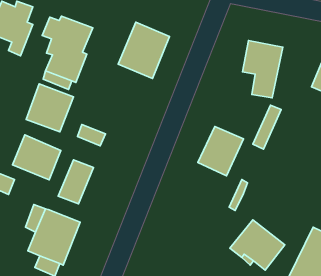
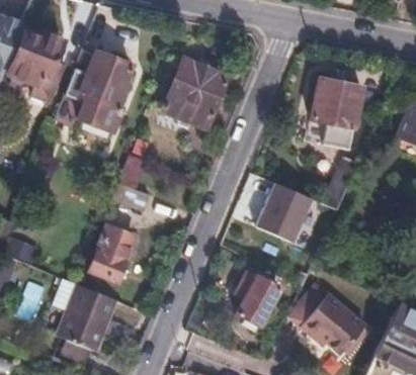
building: [26,84,74,132] -> none
building: [12,135,61,180] -> none
building: none -> [238,273,280,325]

